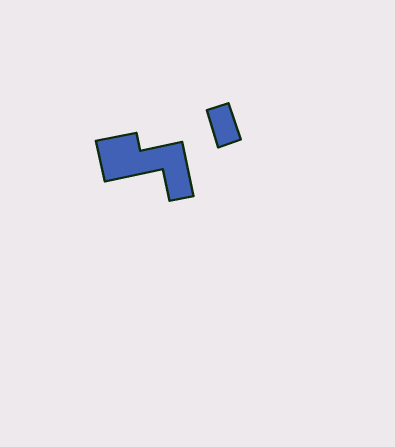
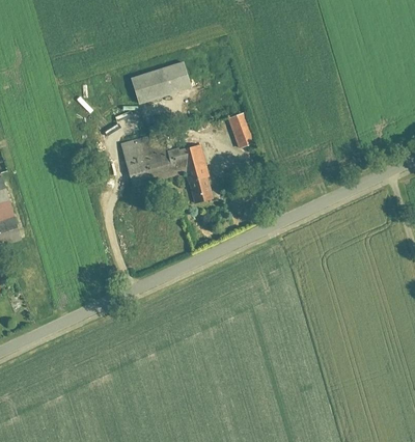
building: none -> [128,63,191,105]

